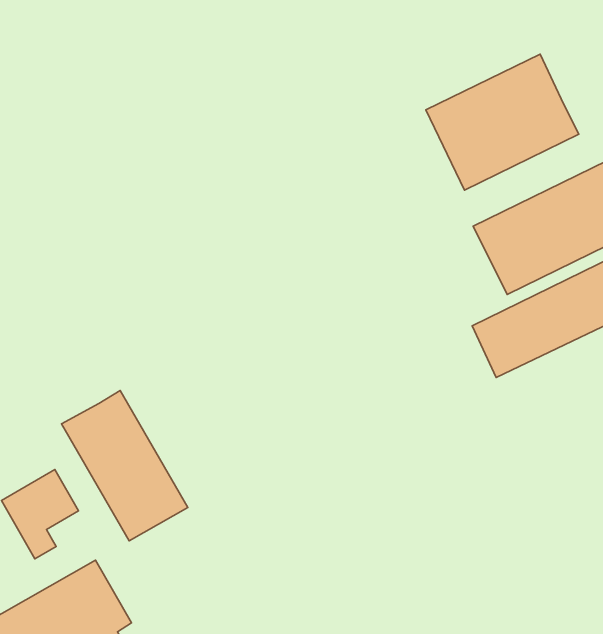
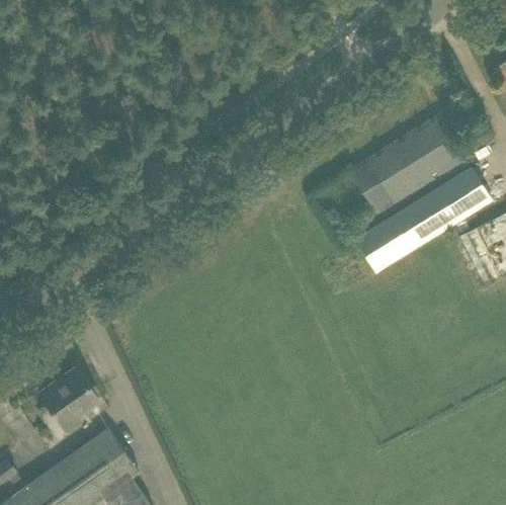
building: [426,54,579,190] -> none
building: [62,391,188,541] -> none

